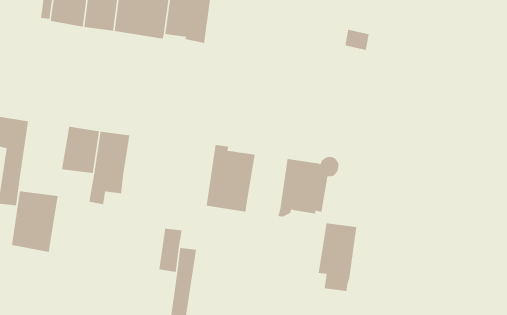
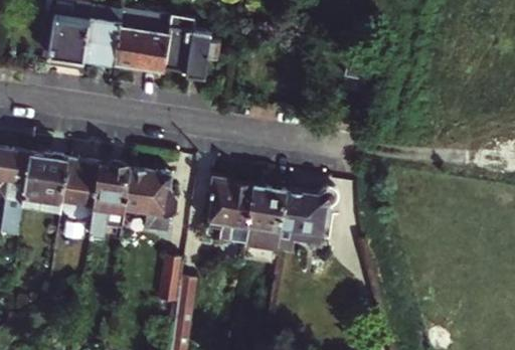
building: none -> [125,168,176,233]
building: [11,191,59,252] -> [22,154,69,215]
building: [318,223,357,291] -> [247,187,287,255]

